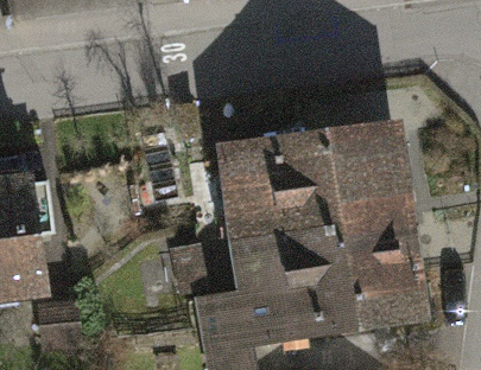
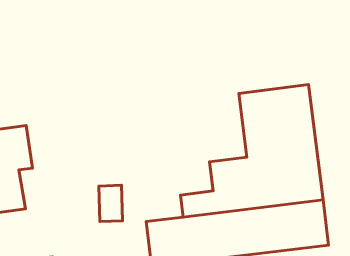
building: [207,134,328,269] -> none

